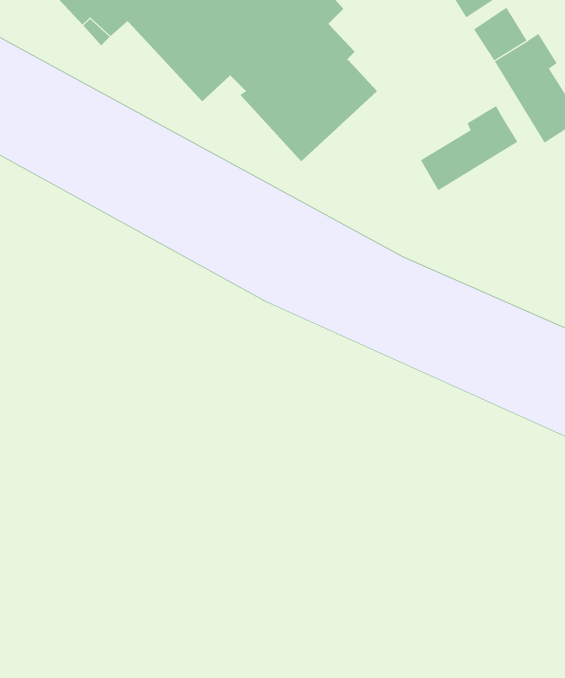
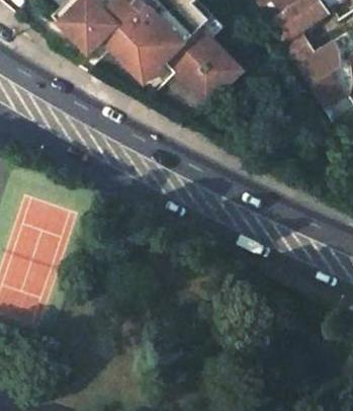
building: [420,105,518,191] -> none

